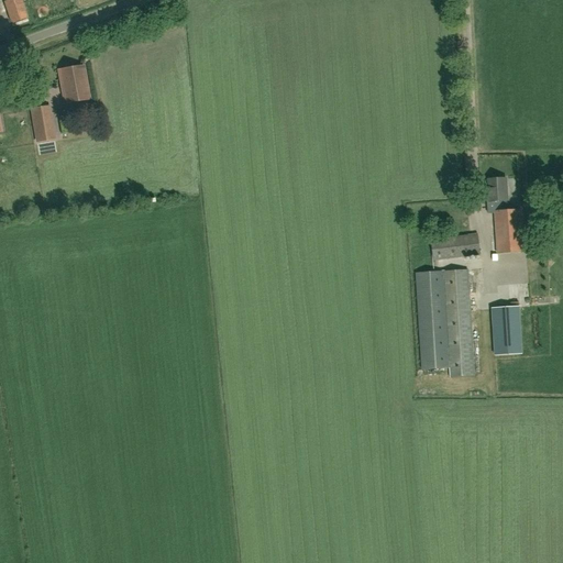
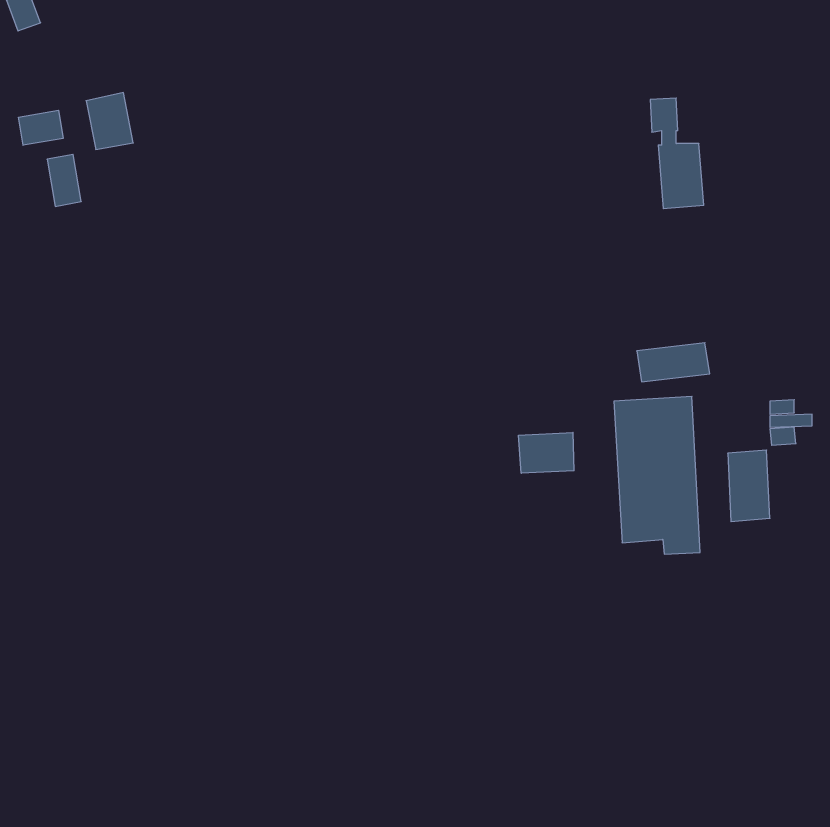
building: none -> [19,110,63,145]
building: [489,177,526,252] -> [650,98,704,209]
building: none -> [519,432,574,473]

